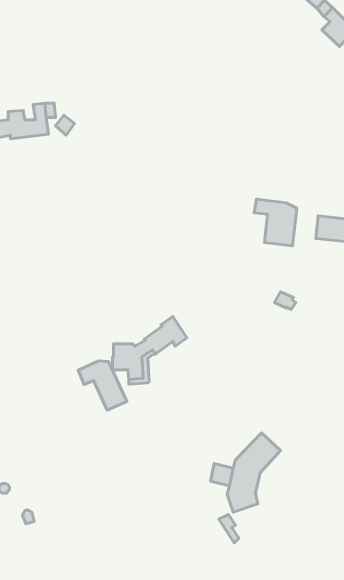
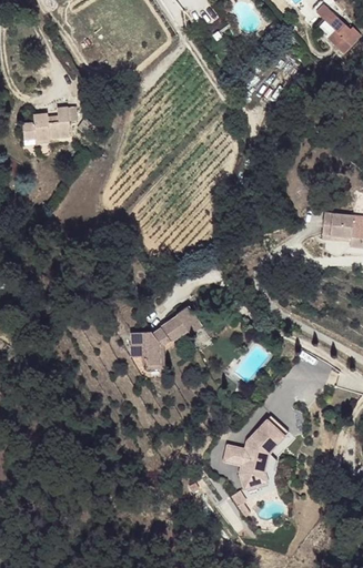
building: [254,199,297,246] -> none
building: [78,361,127,410] -> none

